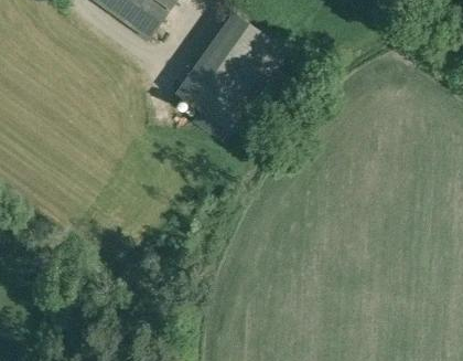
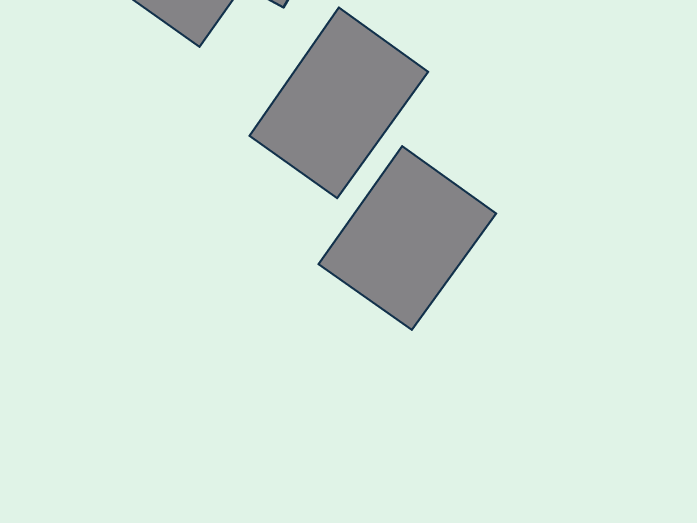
building: none -> [318,146,496,330]

